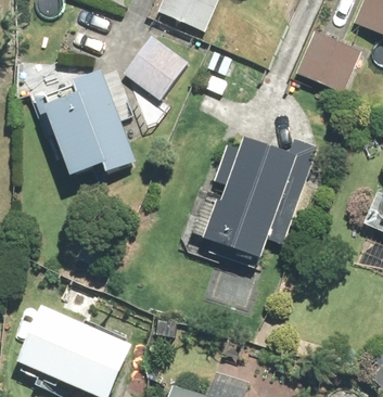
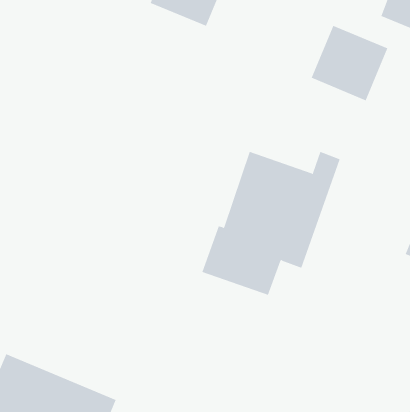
building: [128,29,188,88] -> none
building: [40,68,137,178] -> none

